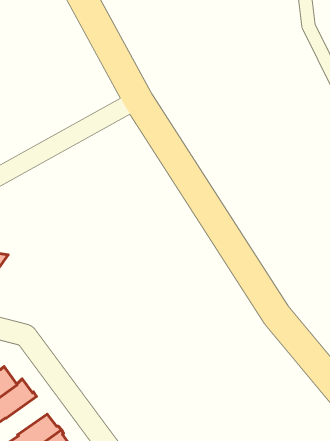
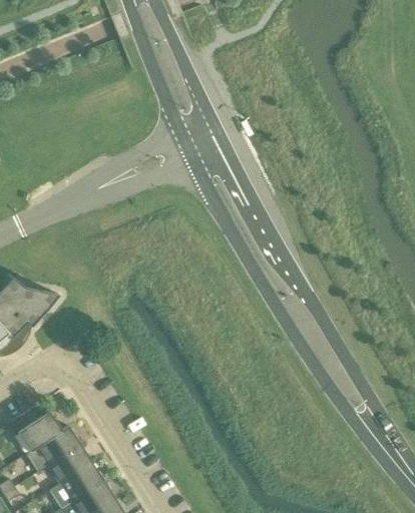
building: none -> [47,444,90,483]

